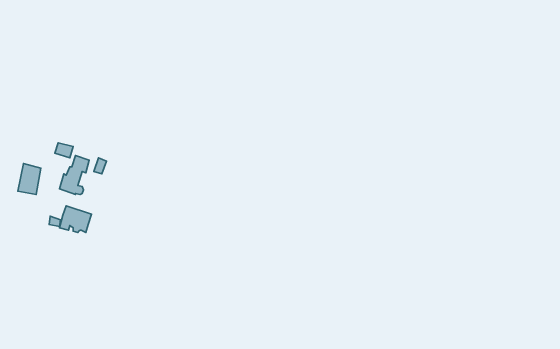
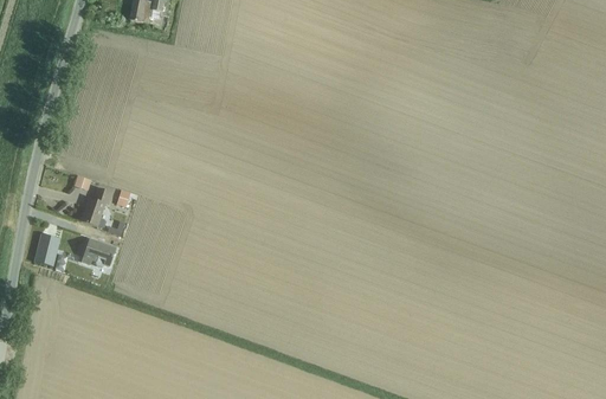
building: [18,164,41,194] -> [36,232,59,264]

